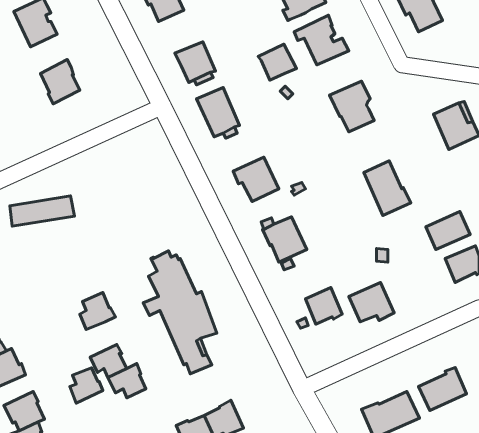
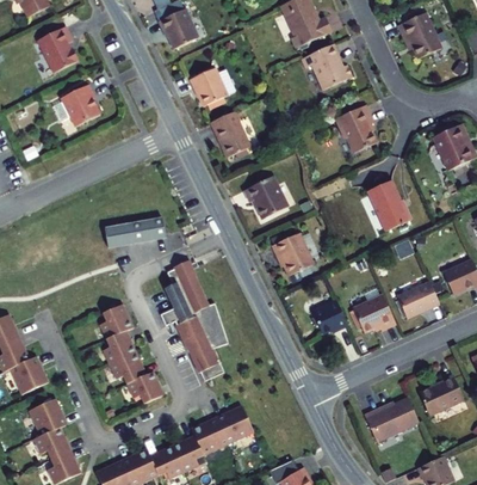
building: [258,44,296,80] -> none
building: [10,196,74,226] -> [105,219,166,247]
building: [426,212,470,250] -> [397,282,439,318]
building: [70,368,103,403] -> [104,332,135,366]

